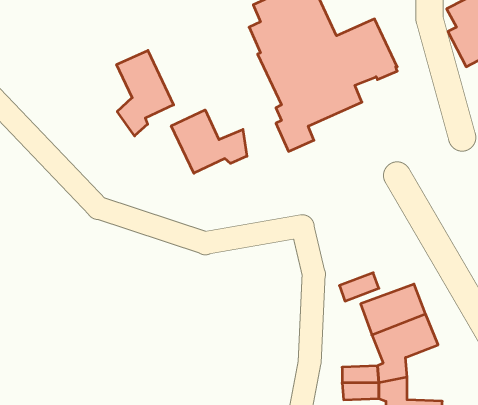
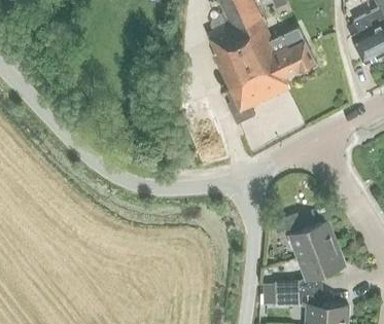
building: [117,50,174,136] -> none
building: [171,110,247,173] -> none

